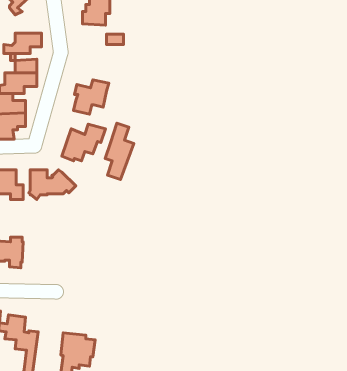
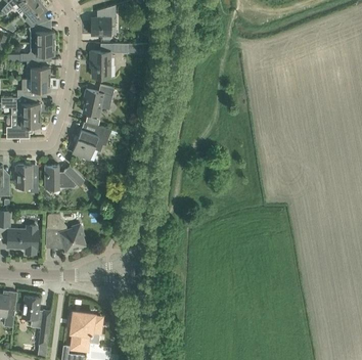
building: none -> [31,19,54,43]
building: none -> [90,51,110,78]
building: [105,123,134,179] -> none
building: none -> [46,213,86,251]

